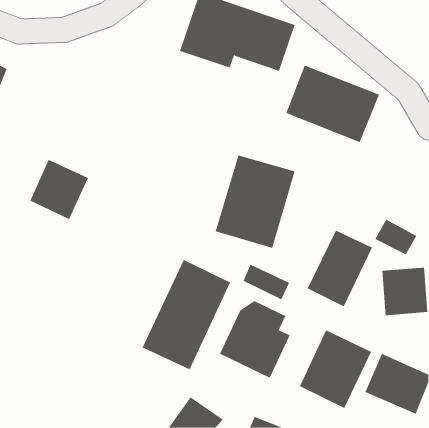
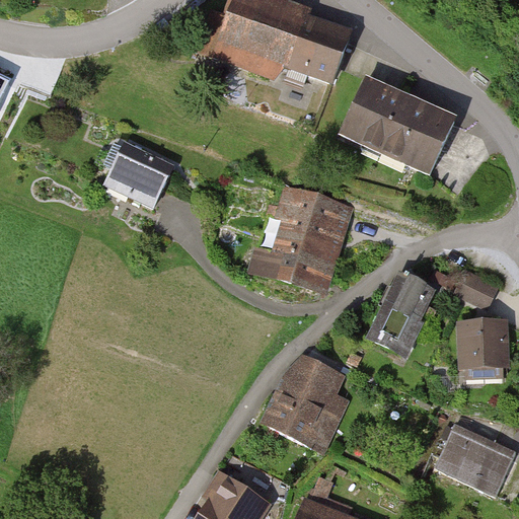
building: [29,159,89,220] -> [101,139,172,211]
building: [142,259,231,370] -> none
building: [243,264,290,300] -> none
building: [299,330,372,409] -> none

